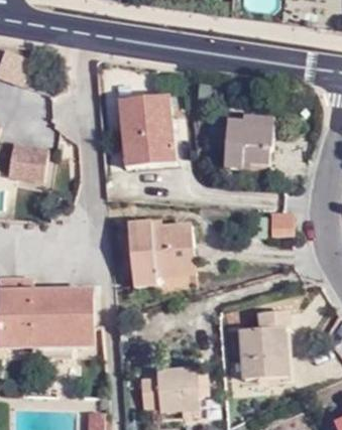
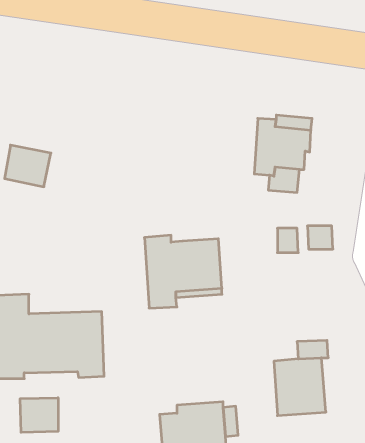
building: [119,97,176,167] -> none
building: none -> [20,398,58,432]

